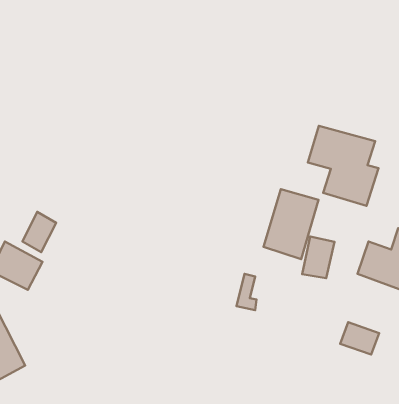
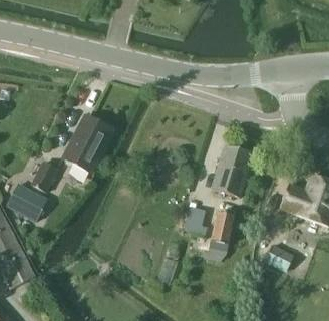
building: [308,126,378,206] -> none
building: none -> [62,115,111,172]
building: [302,236,334,278] -> [210,213,234,244]

